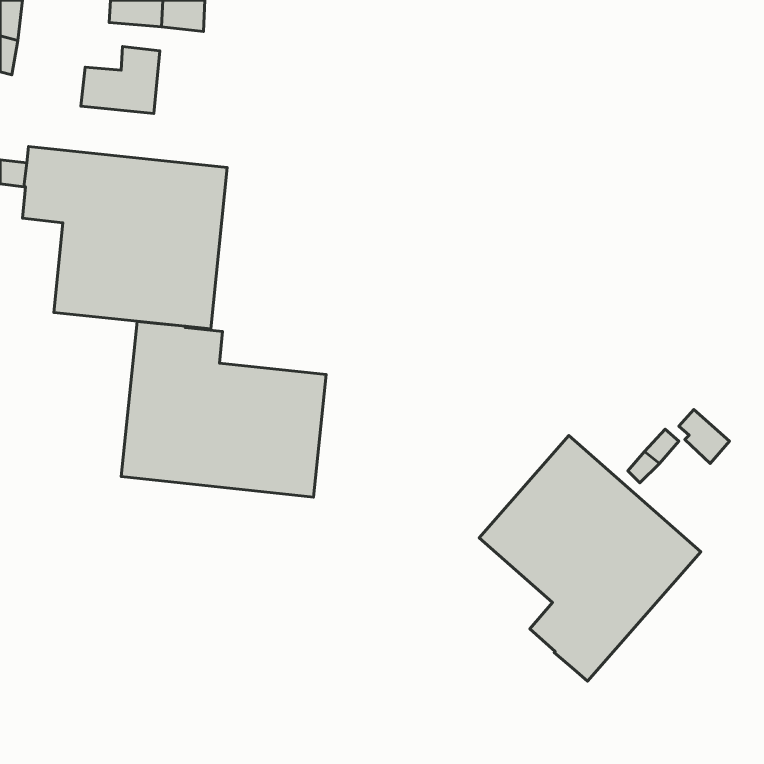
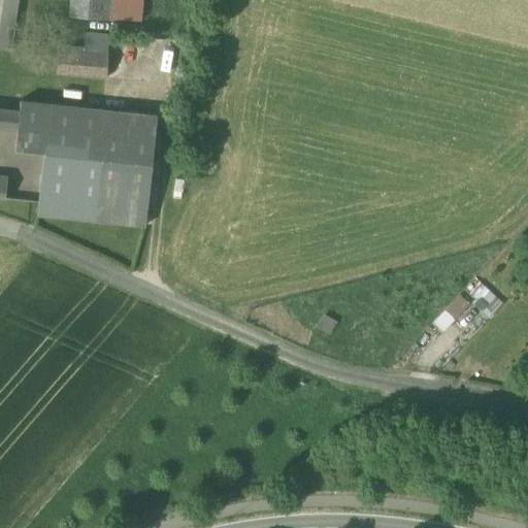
building: [121,321,326,497] -> none
building: [479,436,701,681] -> none

